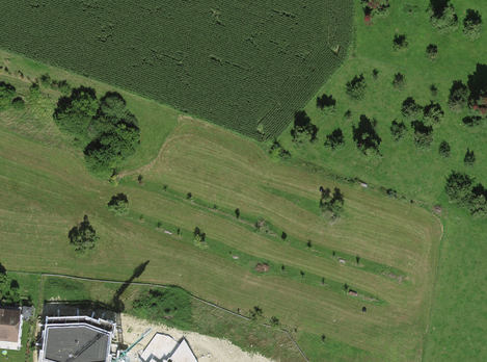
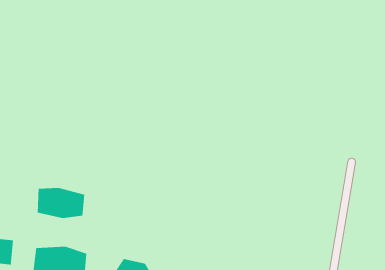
building: none -> [37,187,85,219]

